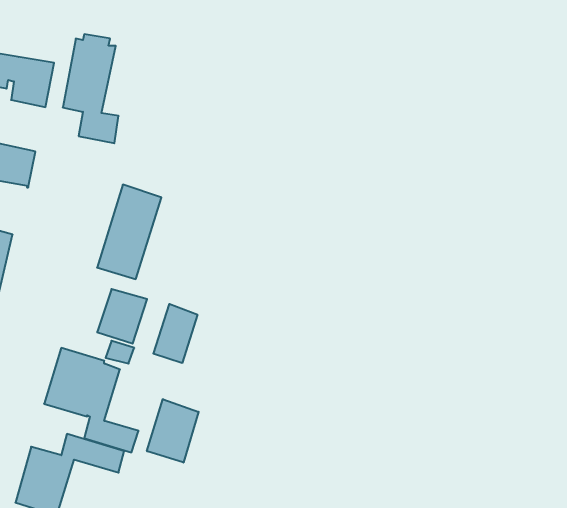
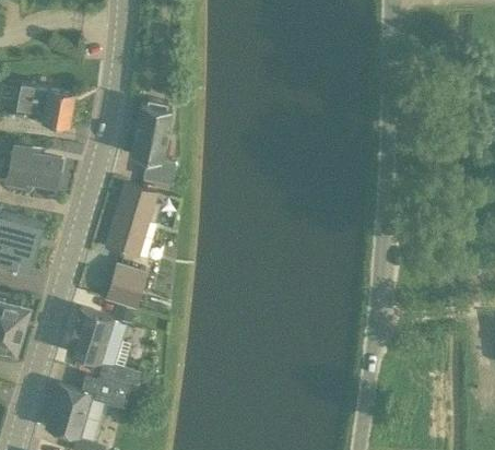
building: [63,34,119,143] -> [133,103,176,186]
building: [153,304,197,363] -> none
building: [147,399,199,463] -> none

